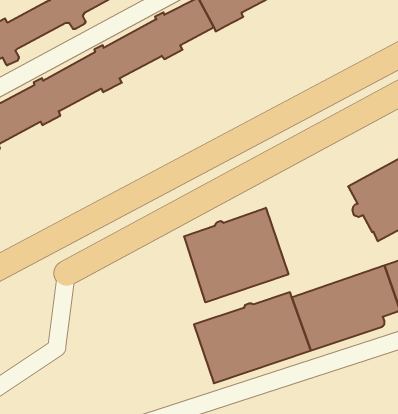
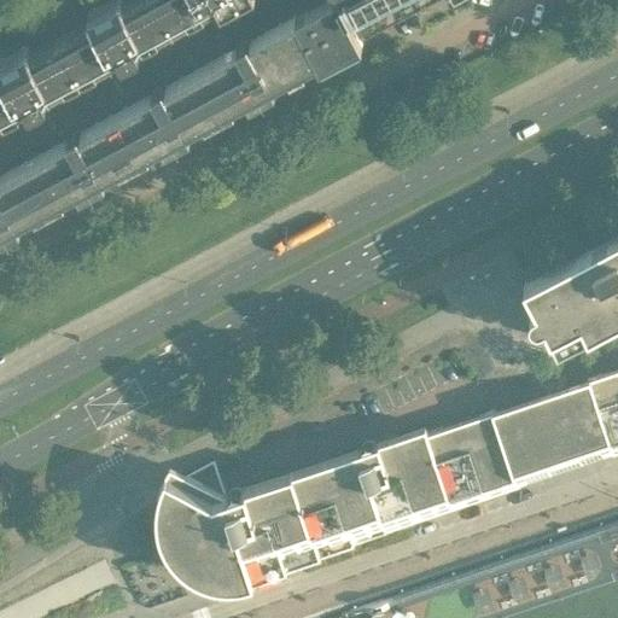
building: [184,208,288,302] -> none
building: none -> [162,466,323,585]

